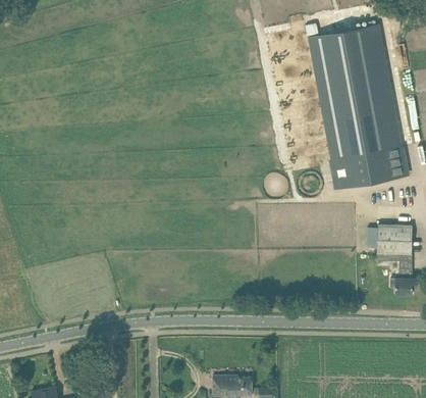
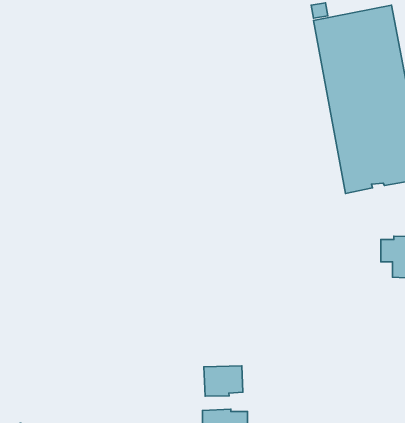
building: none -> [204,366,243,396]

